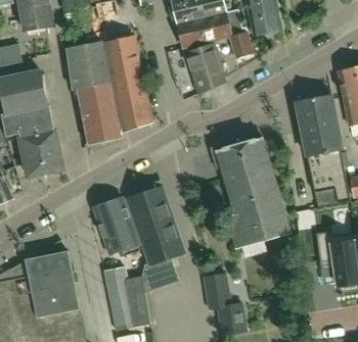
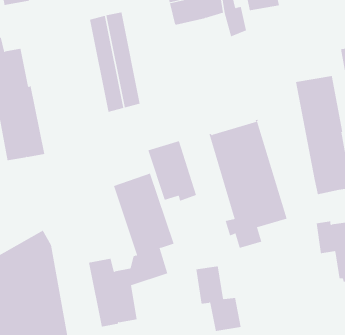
building: [68,41,121,142] -> none
building: [185,42,225,93] -> none
building: [94,197,140,254] -> [148,140,197,202]

